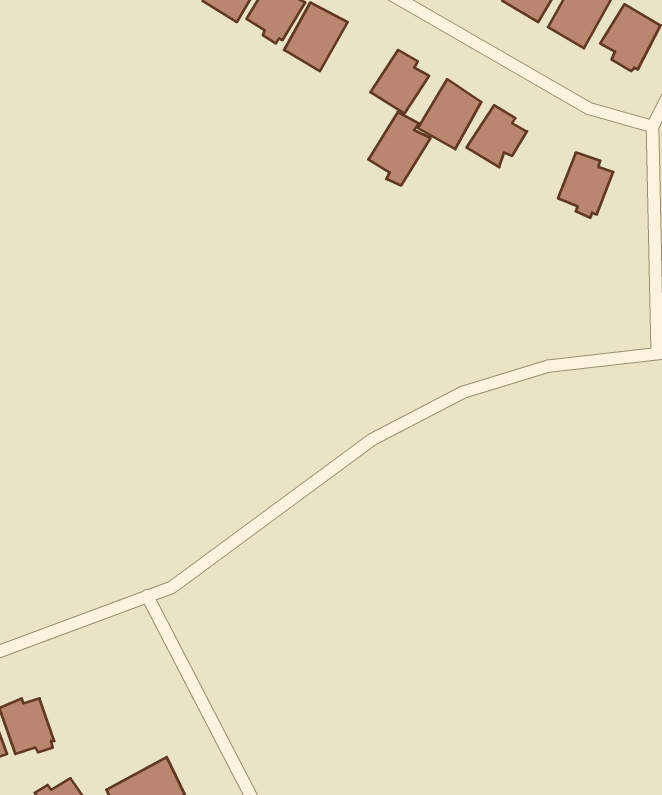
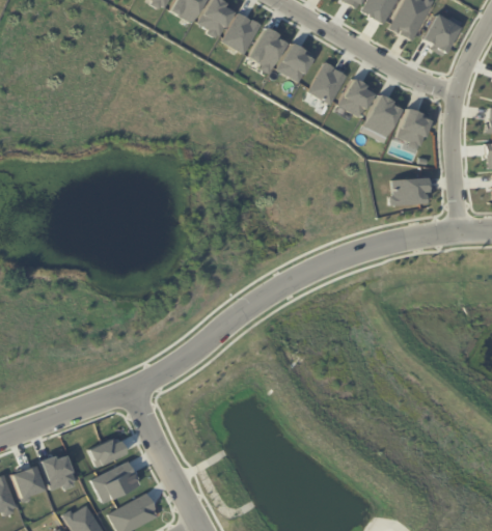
building: [368,112,430,185] -> [249,26,289,73]
building: none -> [364,93,404,137]
building: none -> [387,176,427,205]
building: none -> [88,438,127,467]
building: none -> [91,460,140,504]

